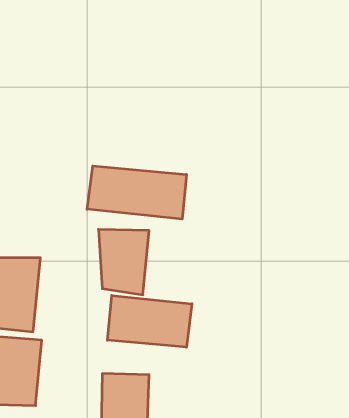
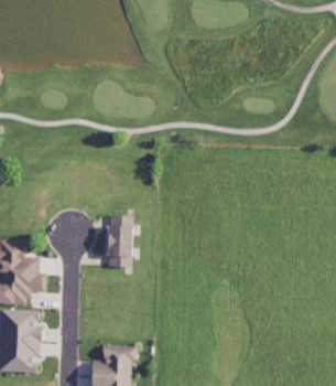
building: [87,166,186,219] -> none
building: [107,295,192,347] -> none

